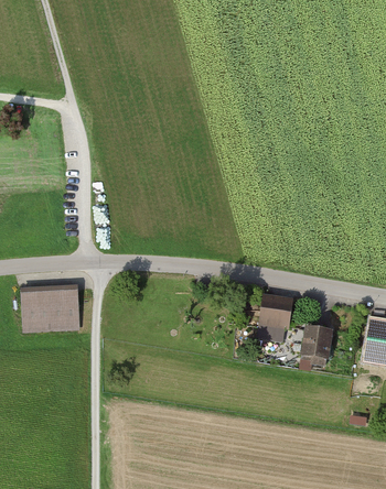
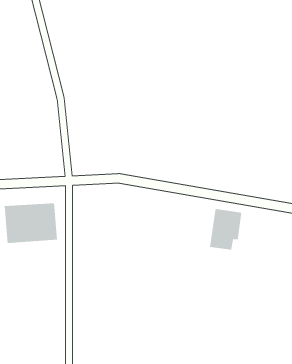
building: [303,326,337,360] -> none

